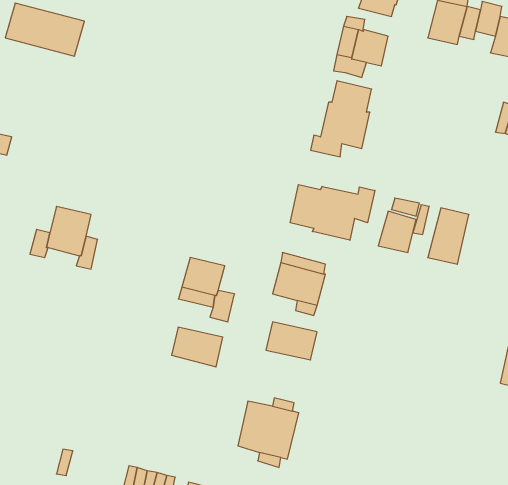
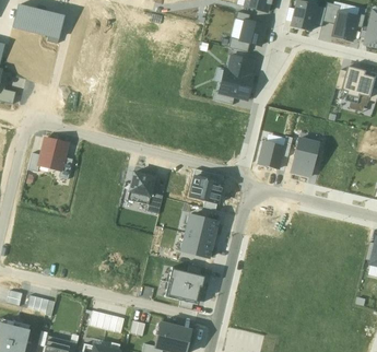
building: [290,185,375,240] -> none
building: [172,327,223,367] -> [179,233,213,259]

